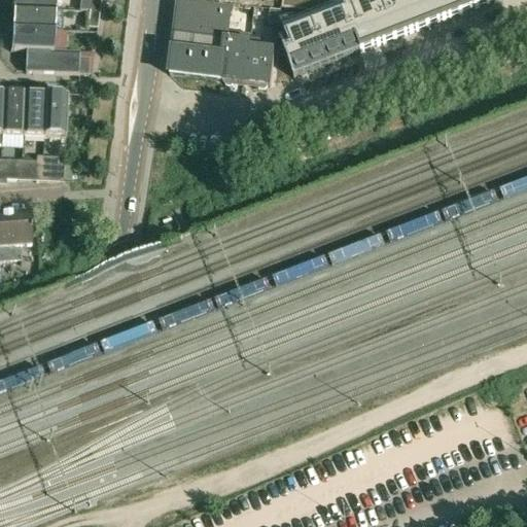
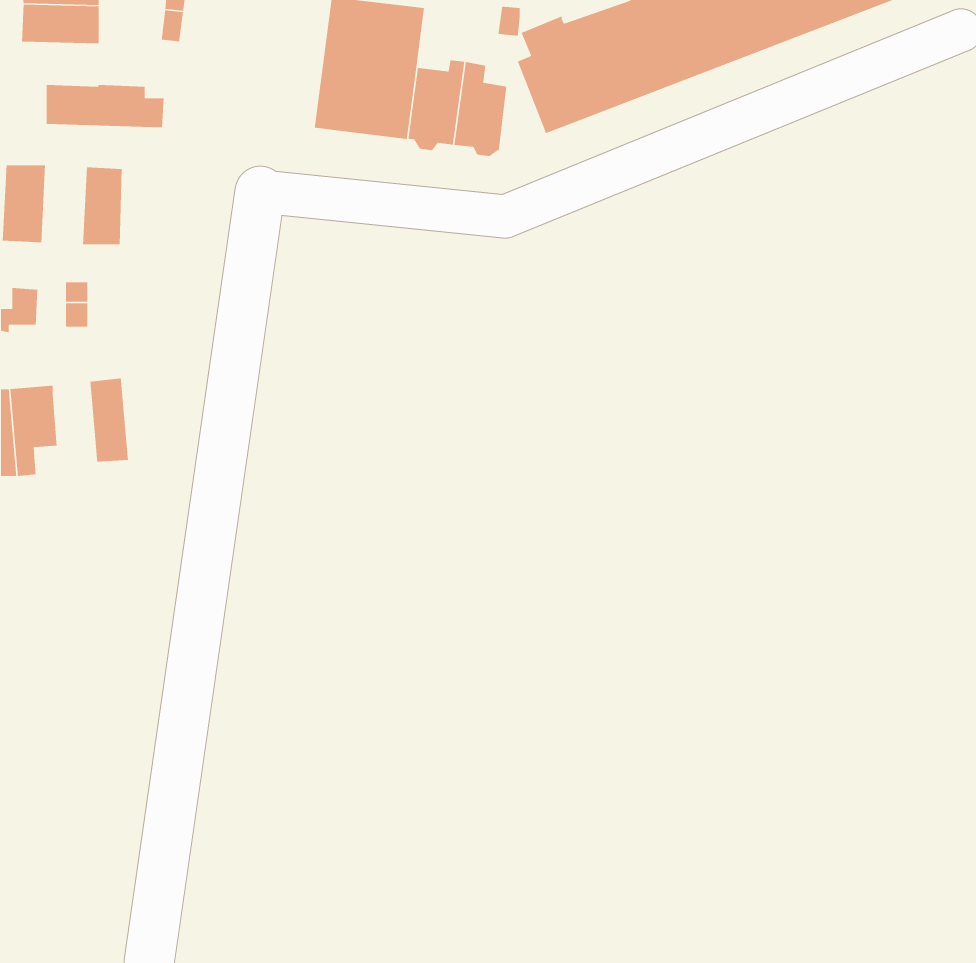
building: [11,23,55,46] -> none
building: [24,89,47,132] -> none
building: none -> [90,377,129,462]

